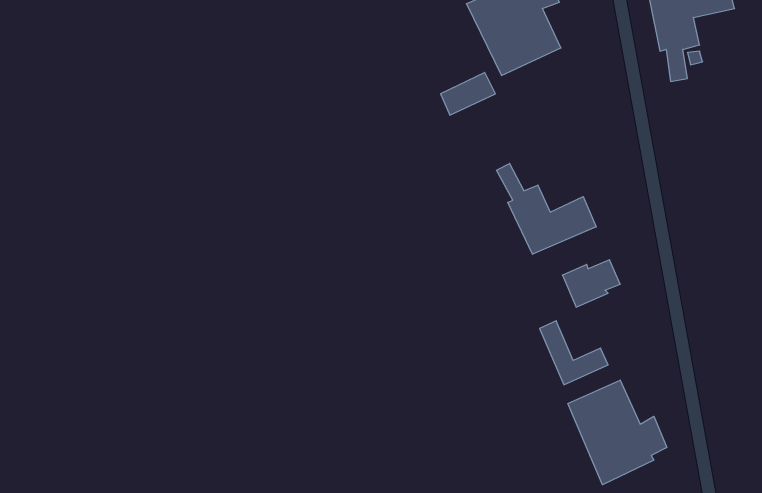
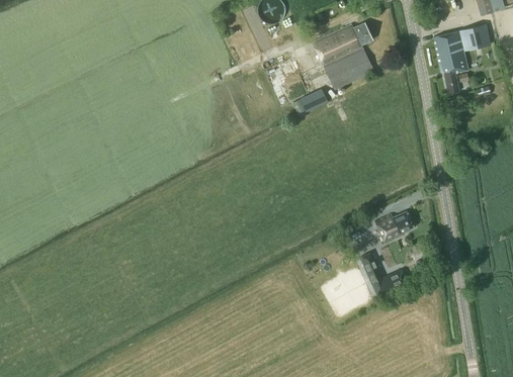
building: [497,163,596,254] -> none
building: [568,380,667,485] -> none

